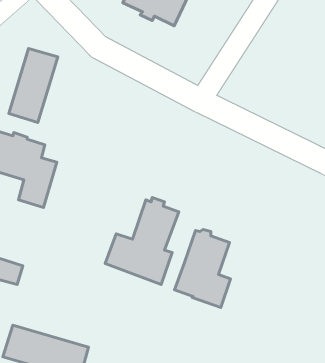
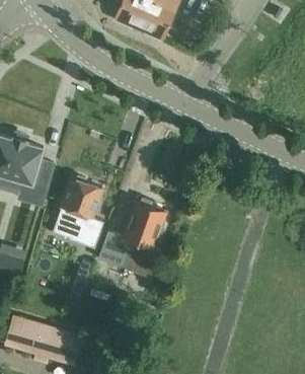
building: [9,49,58,123] -> none
building: [175,229,231,307] -> [52,176,103,248]

